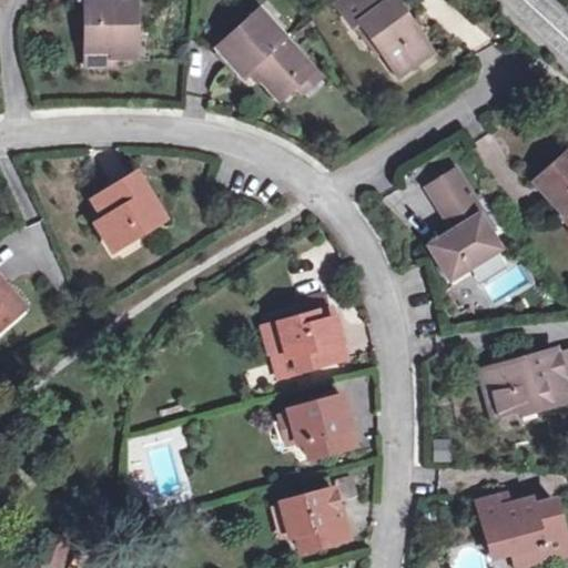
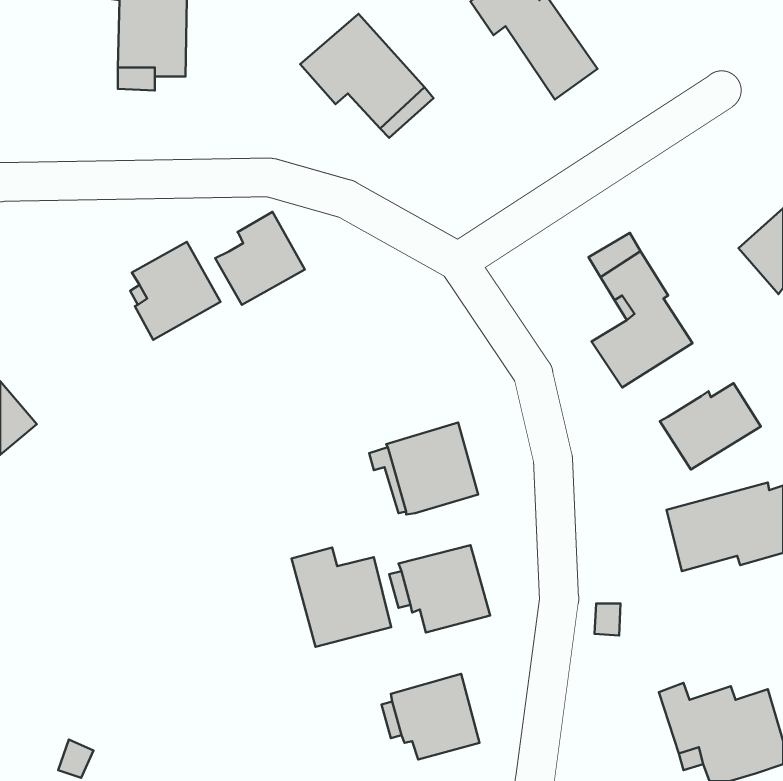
building: none -> [215,212,305,305]
building: none -> [660,383,761,469]
building: none -> [291,547,391,647]

